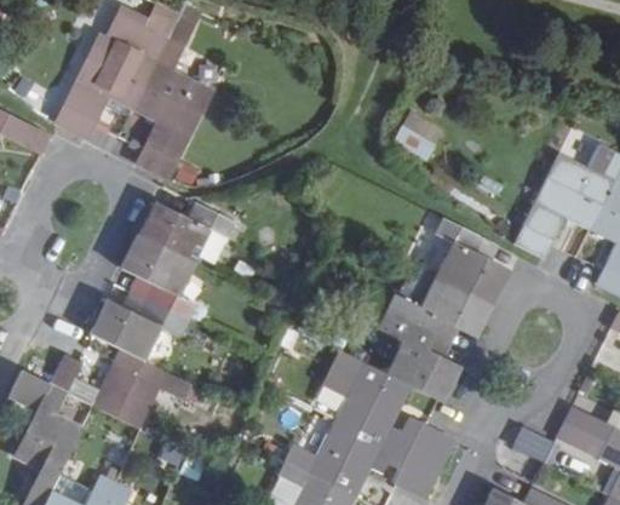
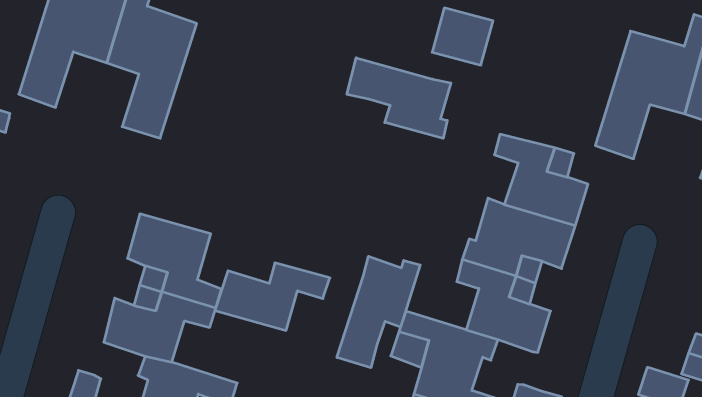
building: none -> [347,58,451,138]
building: [138,206,235,262] -> [215,263,330,330]
building: none -> [337,256,420,368]

